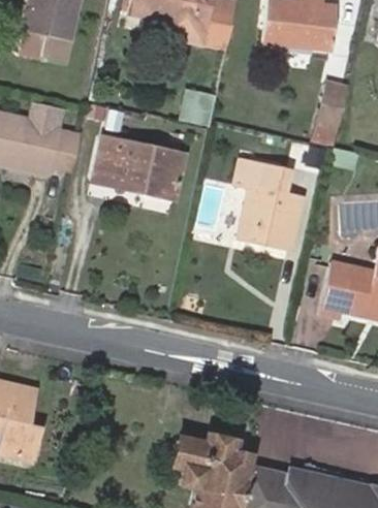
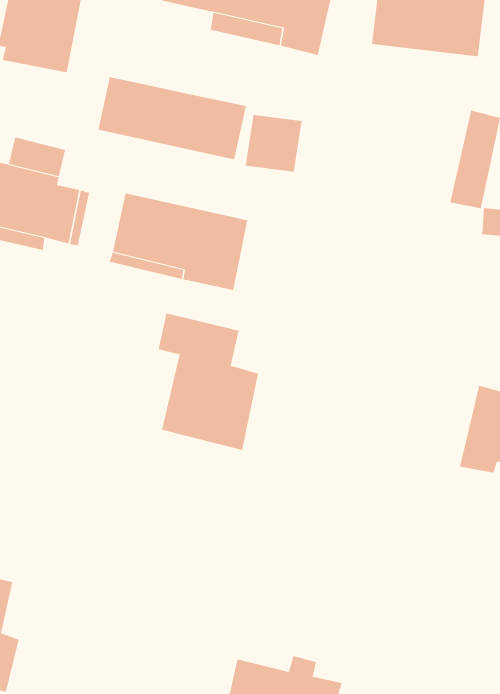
building: none -> [98,76,246,160]
building: [237,160,302,249] -> [158,313,259,450]

